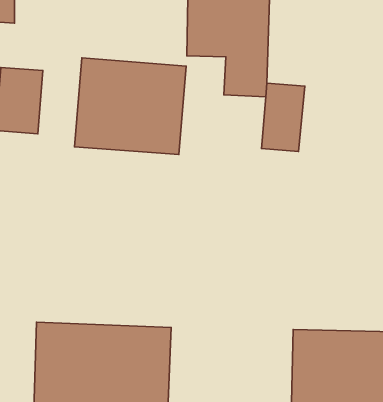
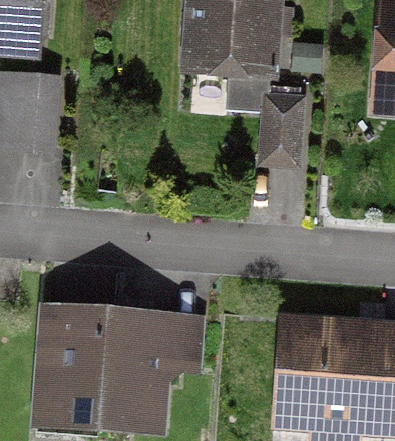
building: [74,58,186,155] -> none

